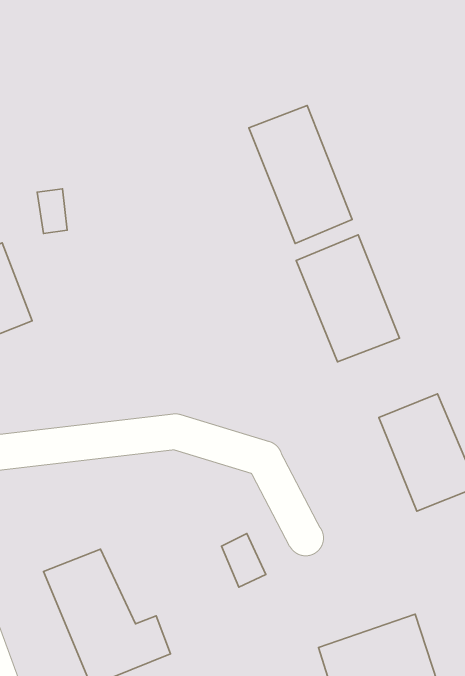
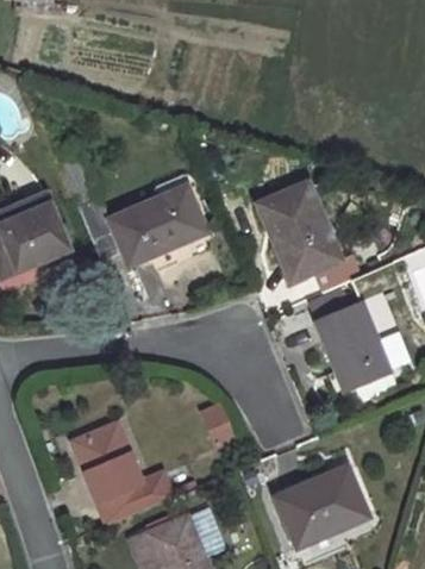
building: [249,105,352,244] -> none
building: none -> [77,187,200,265]

